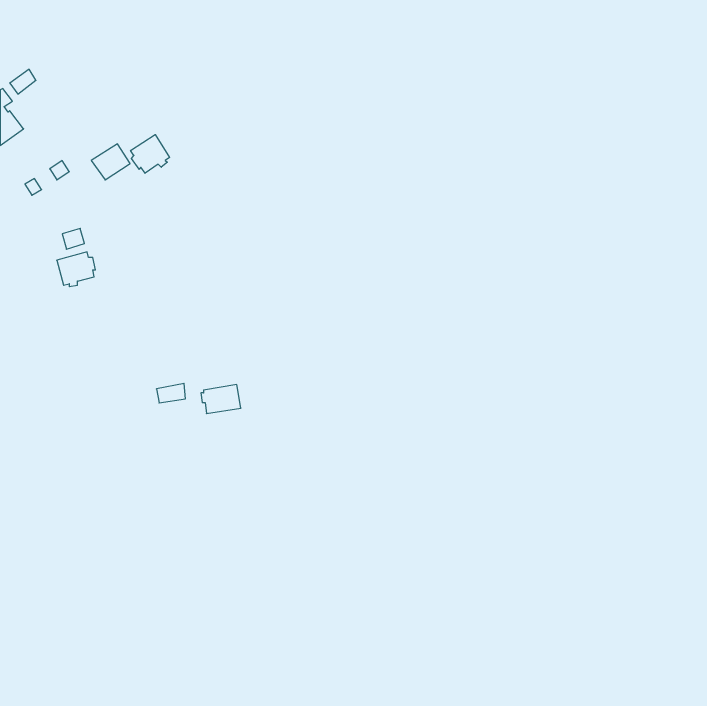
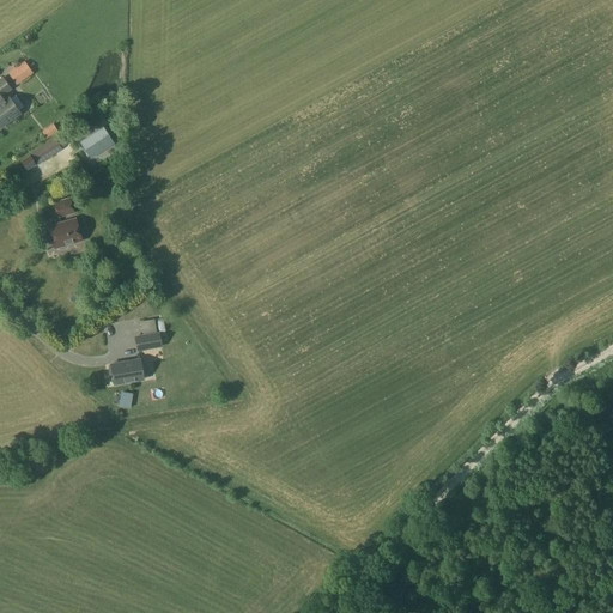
building: [131,135,170,173] -> none
building: [201,385,241,414] -> [109,358,144,383]

